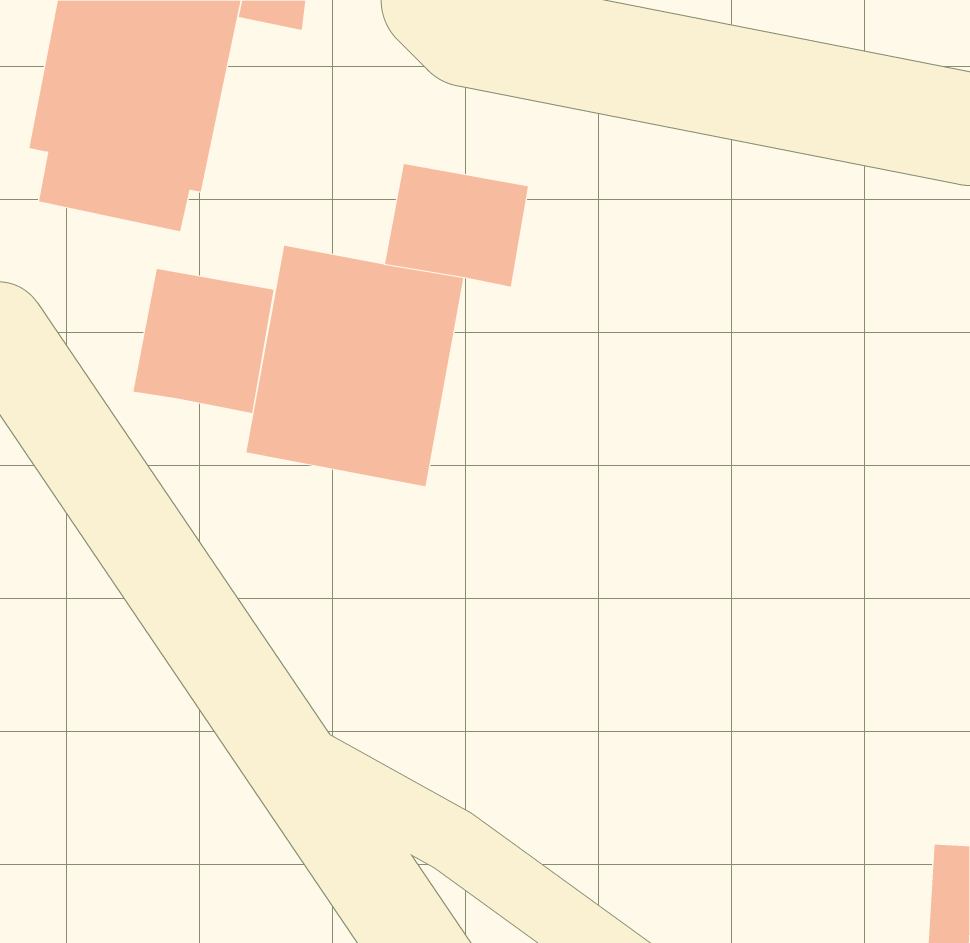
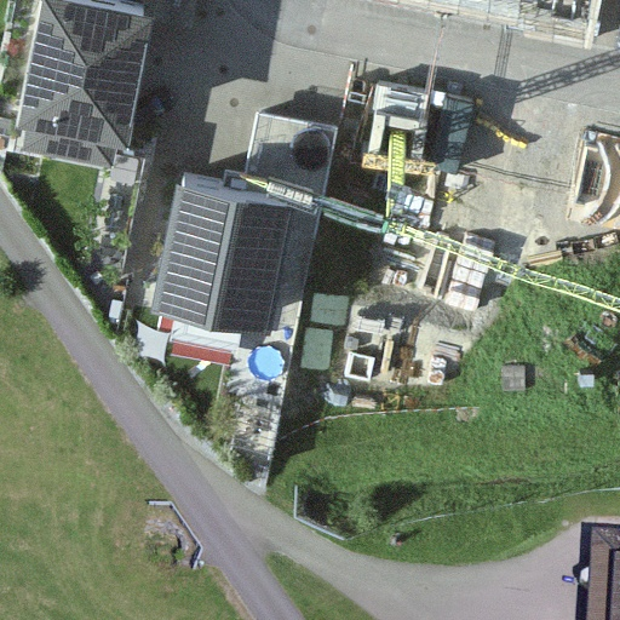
building: [133,268,274,414] -> none

